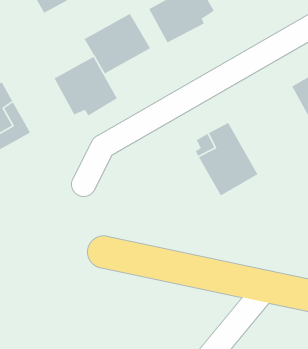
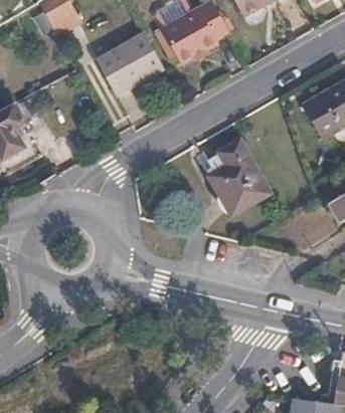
building: [53,56,118,116] -> none

